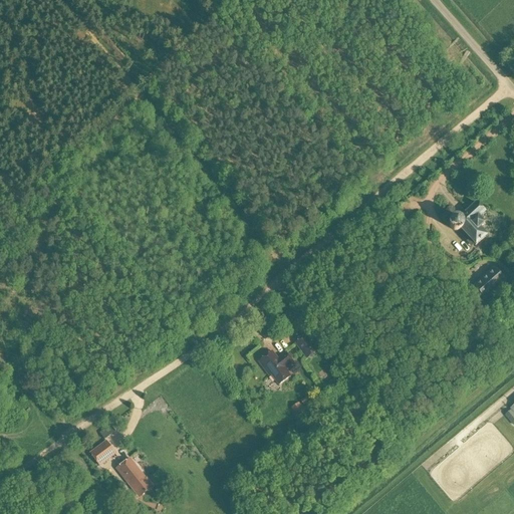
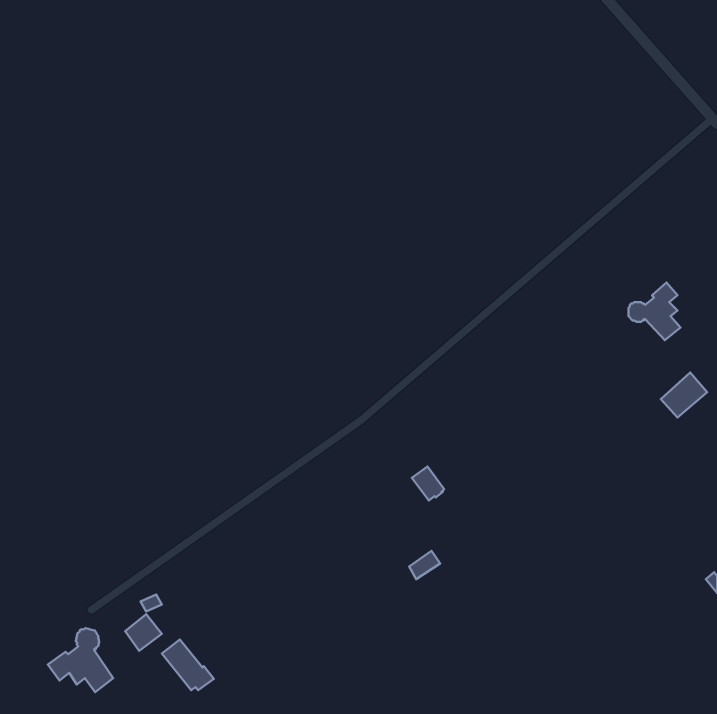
building: [258,350,292,383] -> none
building: none -> [48,628,113,692]

